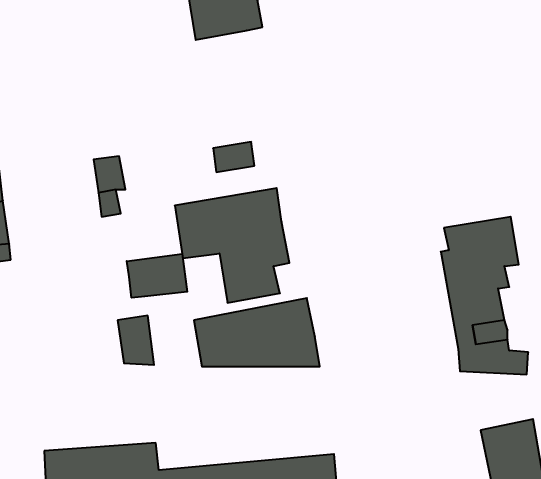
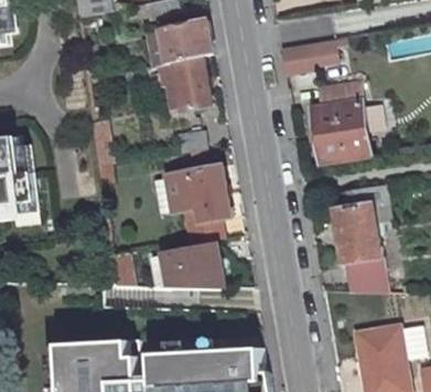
building: none -> [279,39,345,74]
building: none -> [164,54,208,108]
building: none -> [309,80,367,161]
building: [127,254,187,298] -> none

